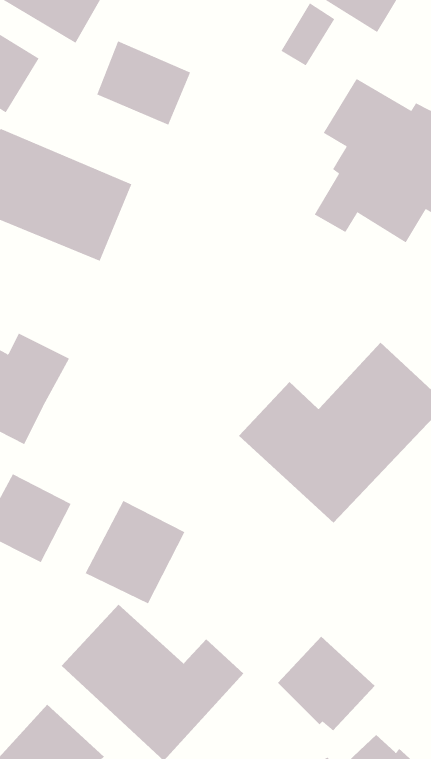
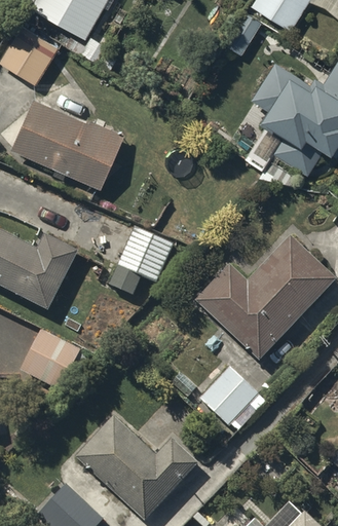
building: [97,41,191,125] -> none
building: none -> [108,223,175,294]
building: [85,500,185,604] -> none
building: [277,636,376,731] -> [199,368,266,433]

